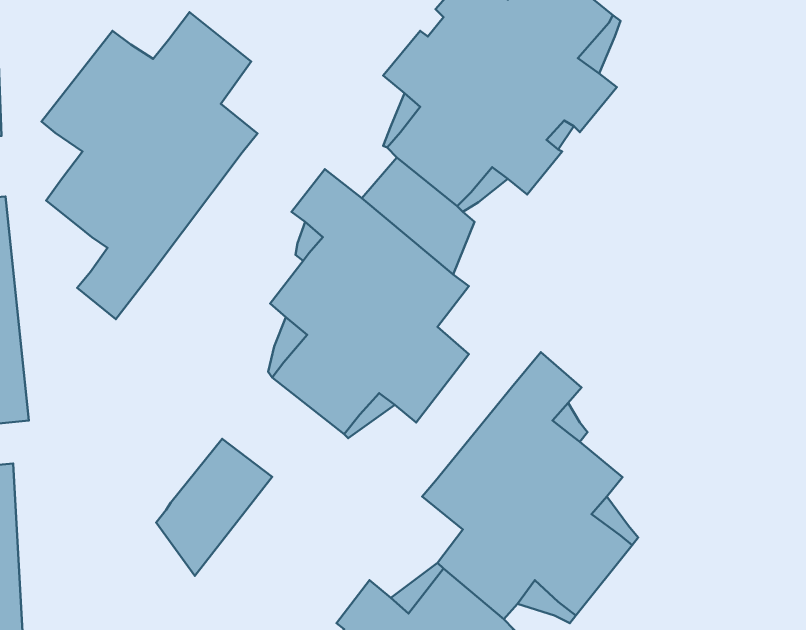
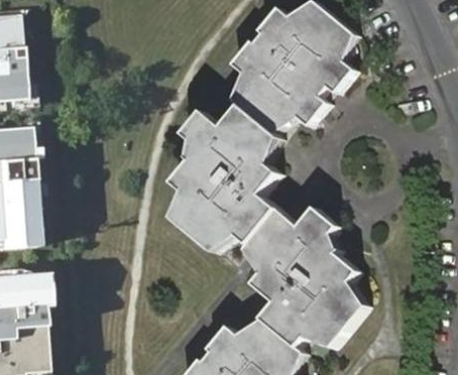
building: [42,12,257,319] -> none
building: none -> [242,209,296,274]
building: [156,439,272,576] -> none

